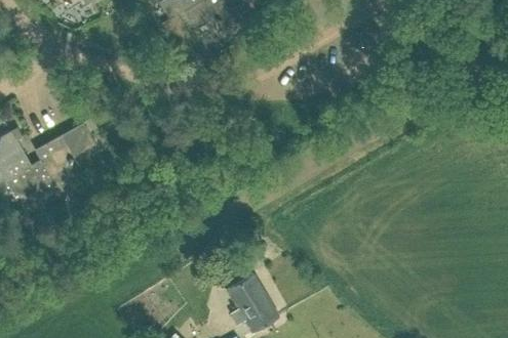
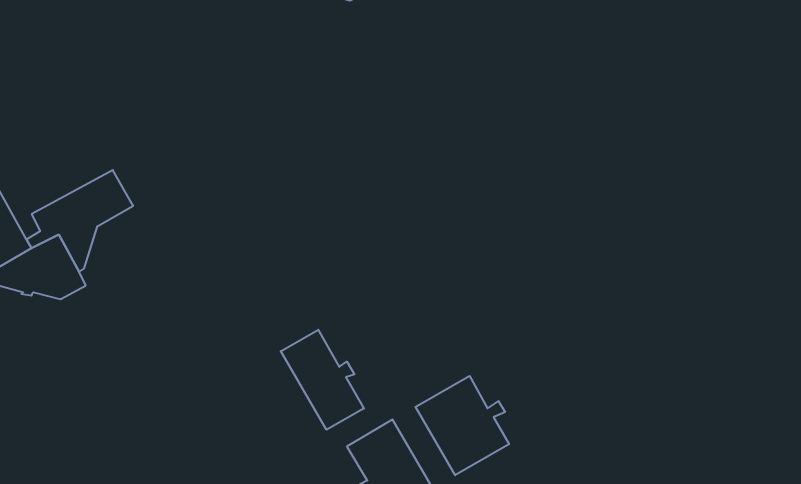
building: none -> [281,330,364,430]
building: none -> [415,376,509,475]

